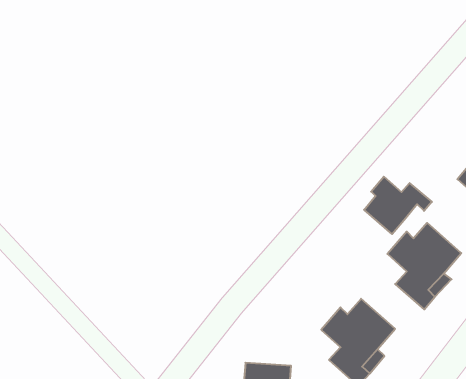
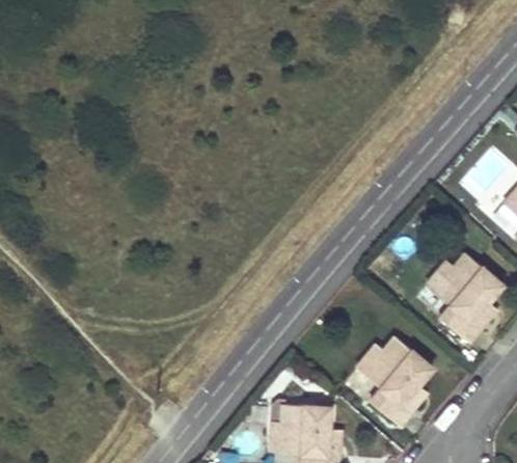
building: [364,177,432,234] -> none

